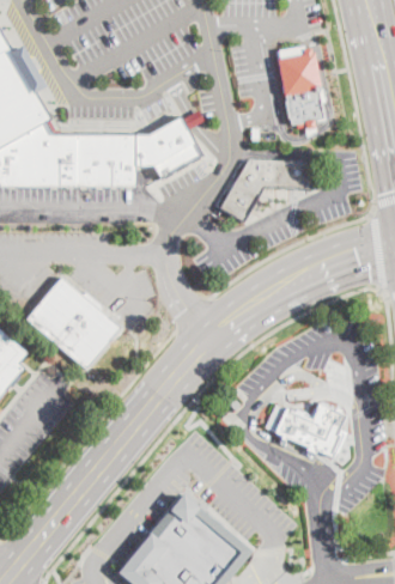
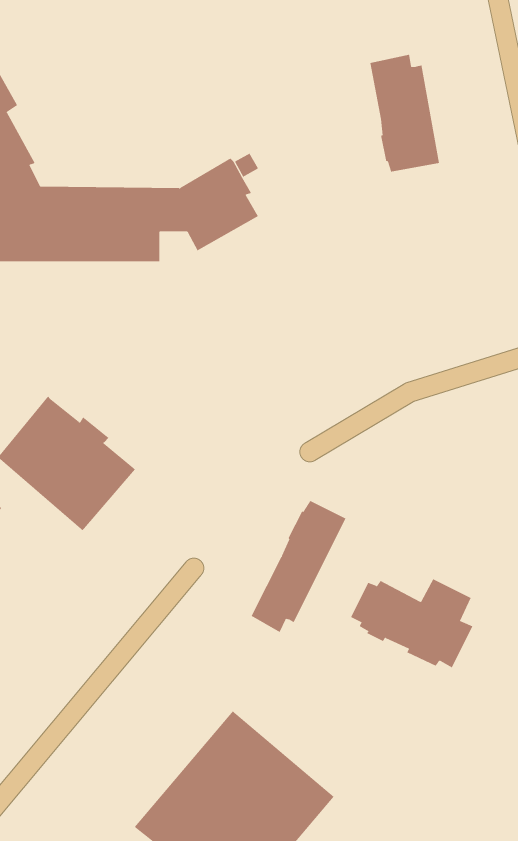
building: [221,160,317,221] -> none
building: none -> [251,500,346,633]

